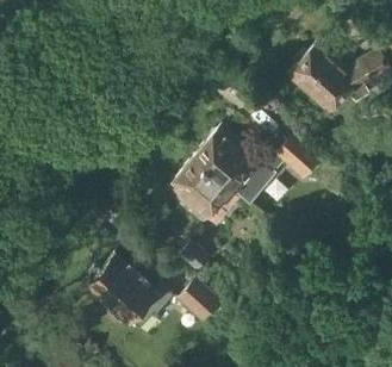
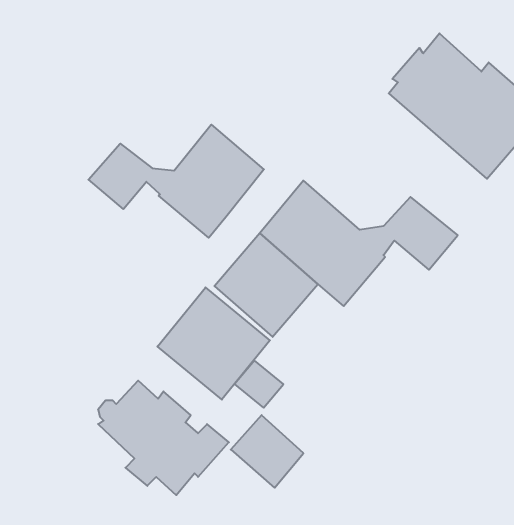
building: none -> [88,125,264,238]
building: none -> [157,287,270,400]

